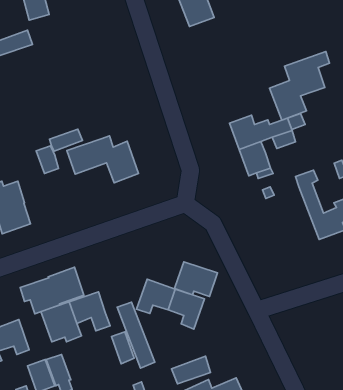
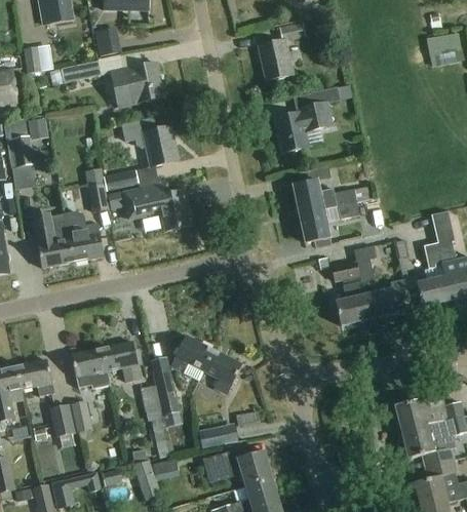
building: none -> [112,62,164,106]
building: [270,52,330,120] -> [274,87,340,152]
building: none -> [120,116,179,165]
building: none -> [66,211,104,261]
building: none -> [332,261,369,324]
building: [175,262,218,297] -> none
building: [20,267,84,314] -> none

